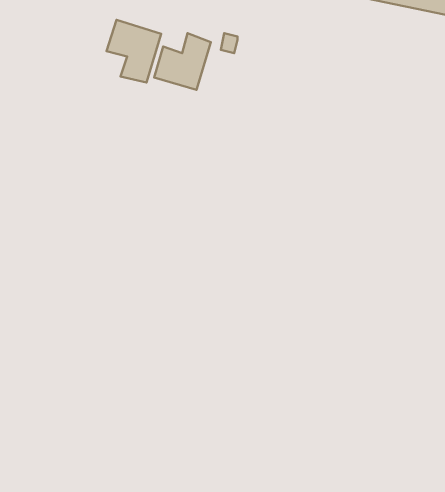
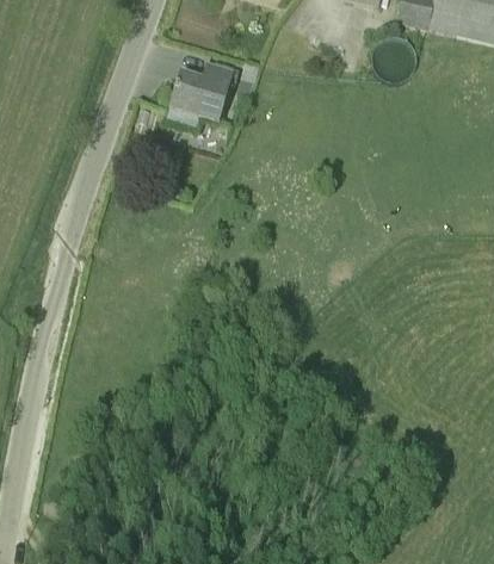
building: [107,20,161,83] -> none

